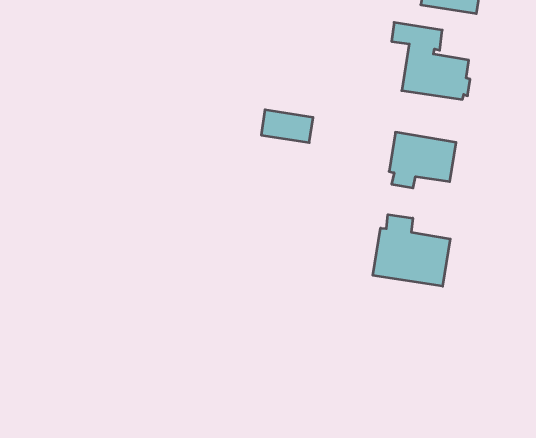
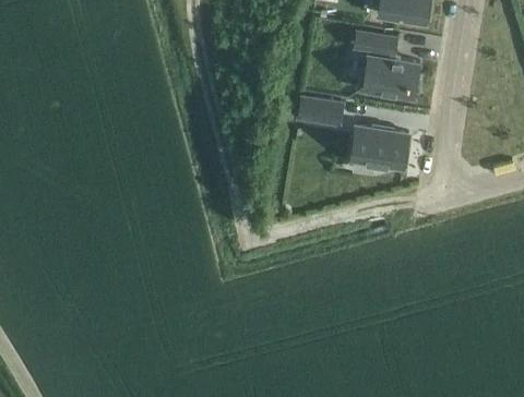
building: [261,110,313,143] -> [299,97,344,125]
building: [373,215,450,286] -> none

